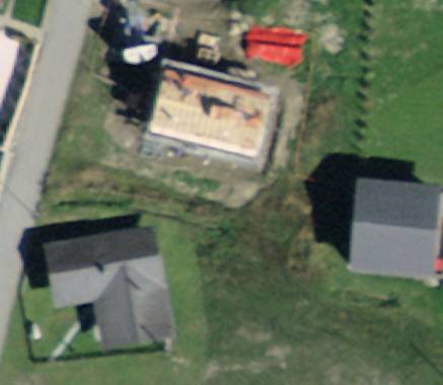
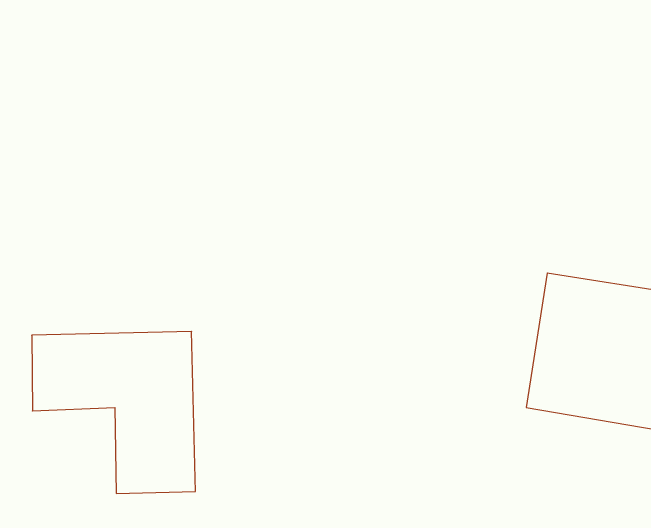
building: [155,80,250,143] -> none

